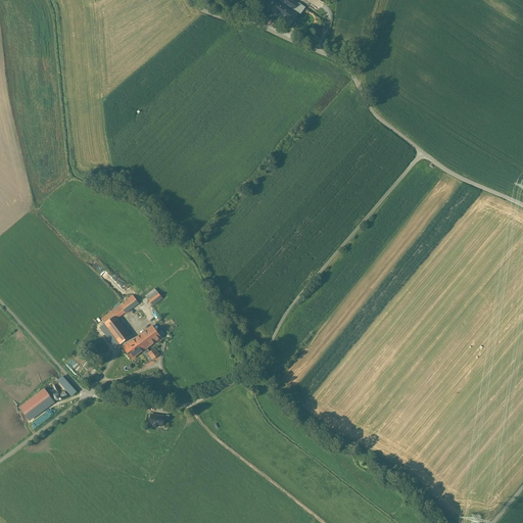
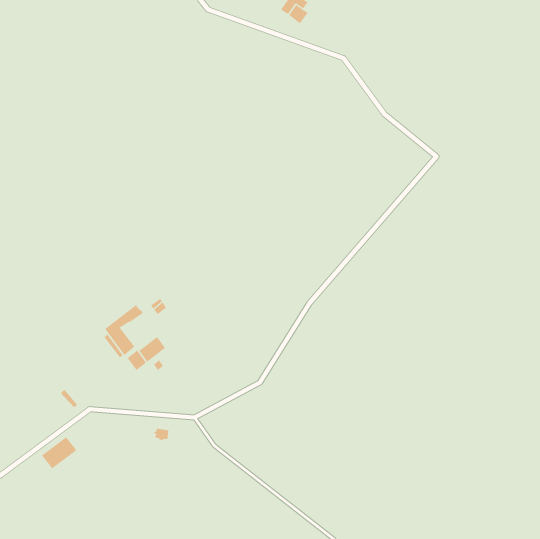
building: [19,388,54,420] -> [41,436,77,469]

